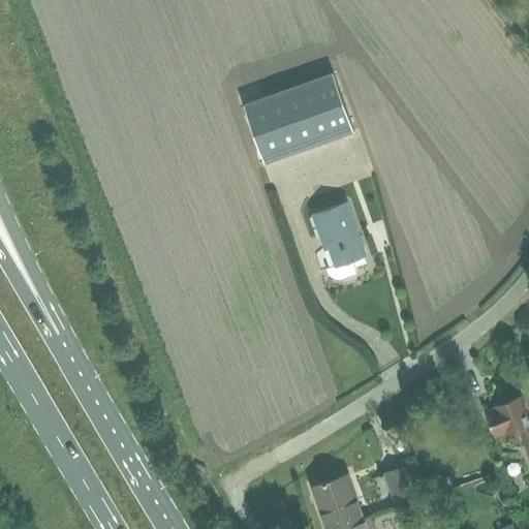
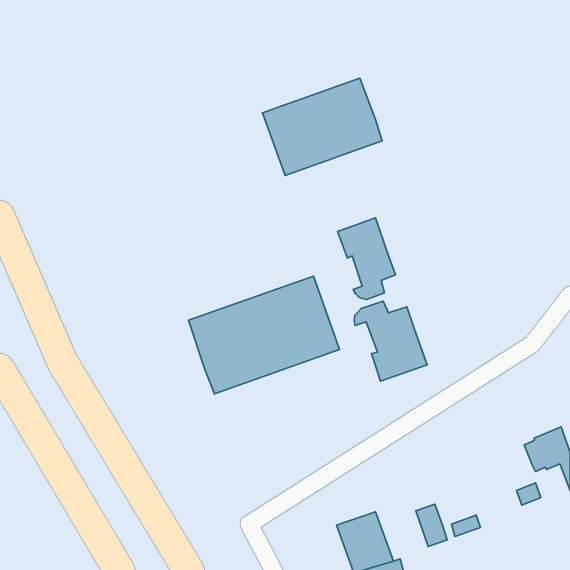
building: none -> [189,276,339,394]
building: none -> [354,301,427,381]

